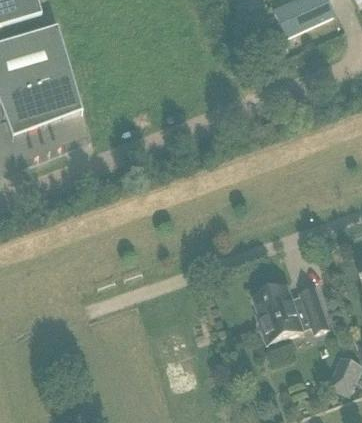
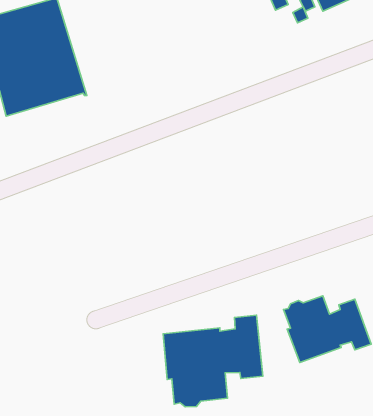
building: none -> [163,315,263,407]

